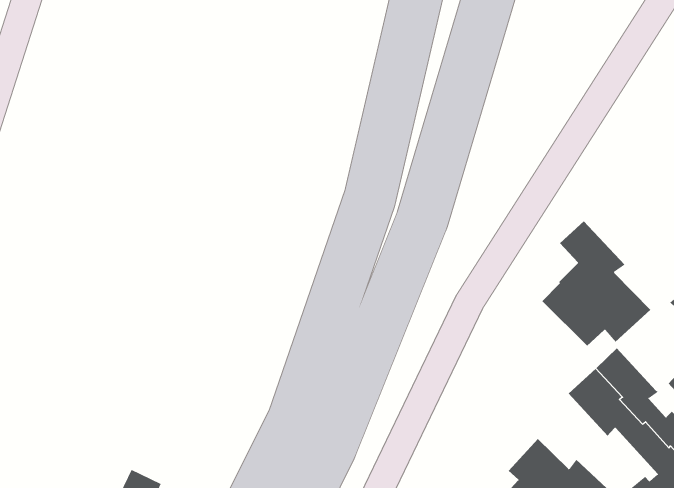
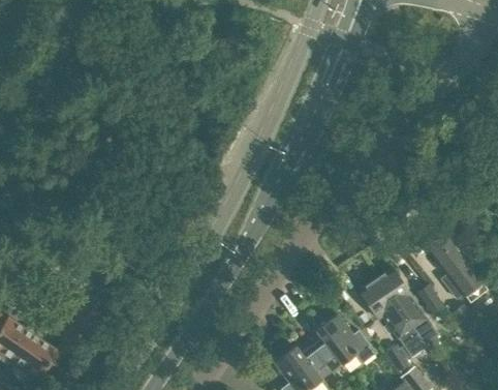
building: [541,220,651,347] -> none

